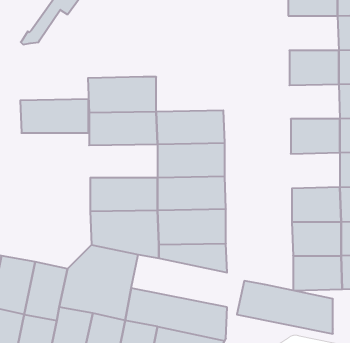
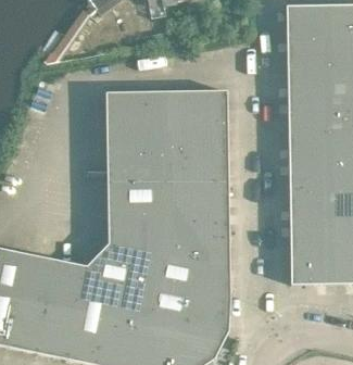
building: none -> [286,36,331,67]
building: none -> [166,90,227,123]
building: none -> [287,98,332,129]
building: [20,99,89,133] -> [105,152,167,182]
building: none -> [288,160,332,192]
building: [237,281,333,334] -> [143,252,230,300]

